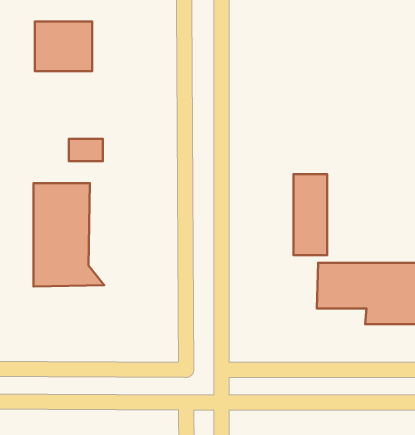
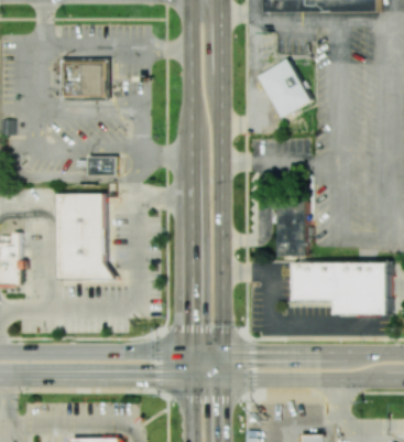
building: none -> [259,60,312,118]

